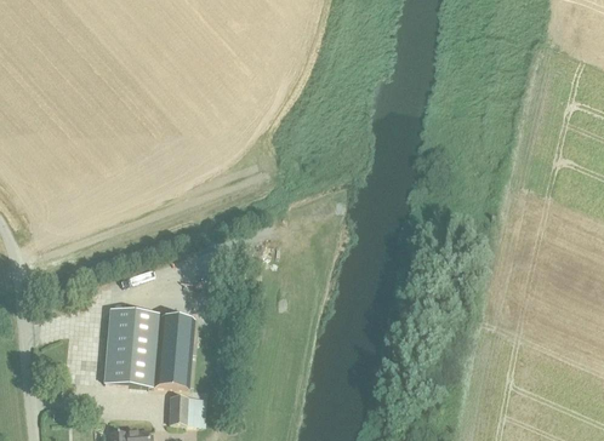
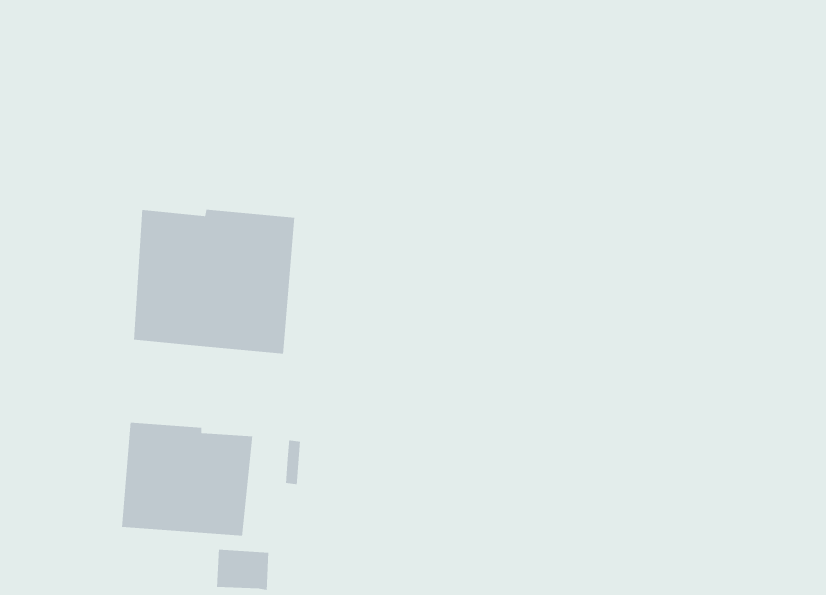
building: none -> [133,209,295,354]

